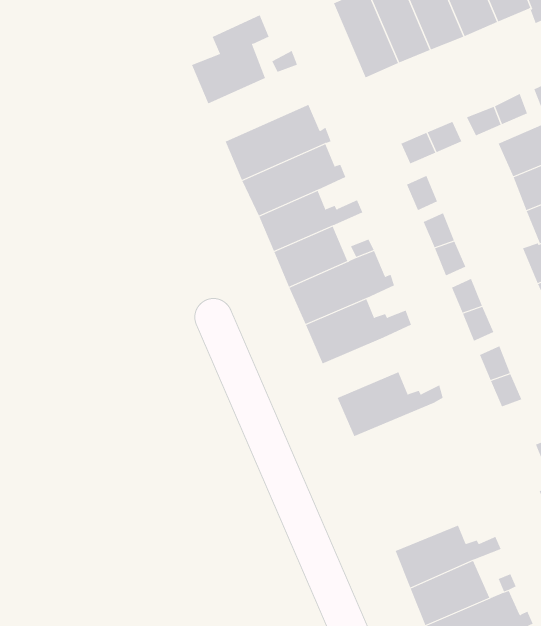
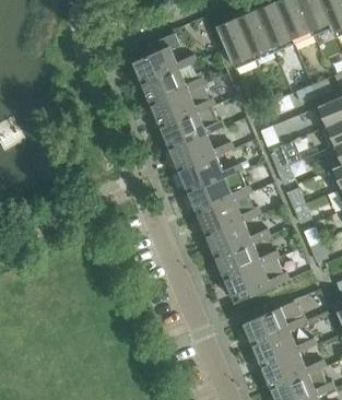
building: none -> [144,70,207,107]
building: none -> [211,222,273,257]
building: none -> [229,260,292,301]
building: none -> [244,302,307,346]

